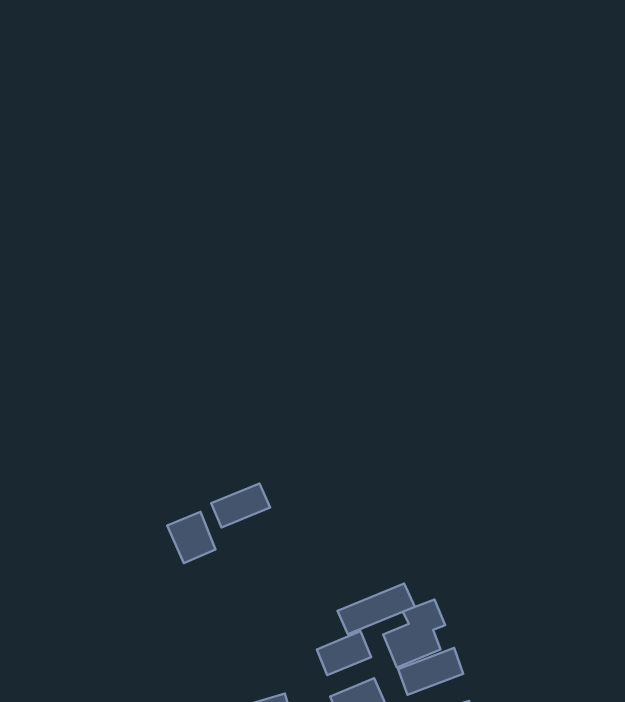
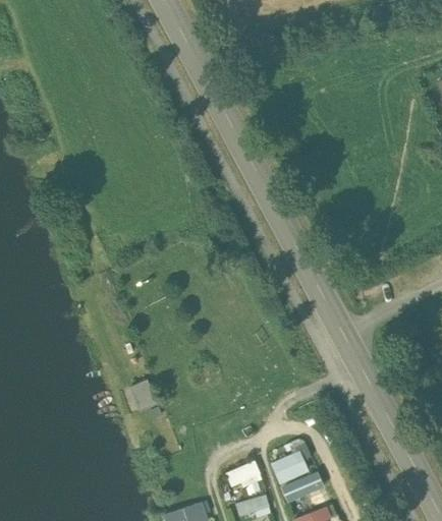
building: [211,483,270,527] -> none
building: [337,583,415,634] -> none

